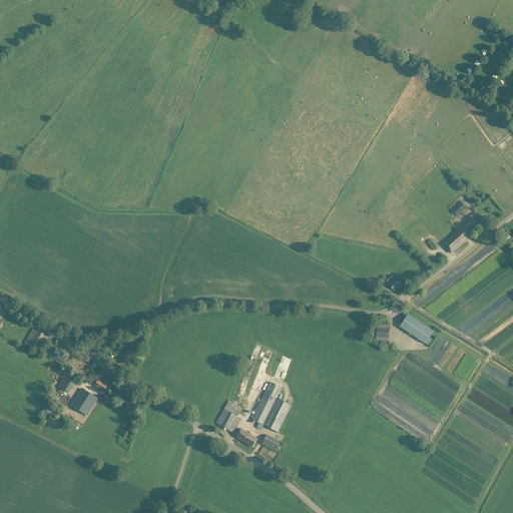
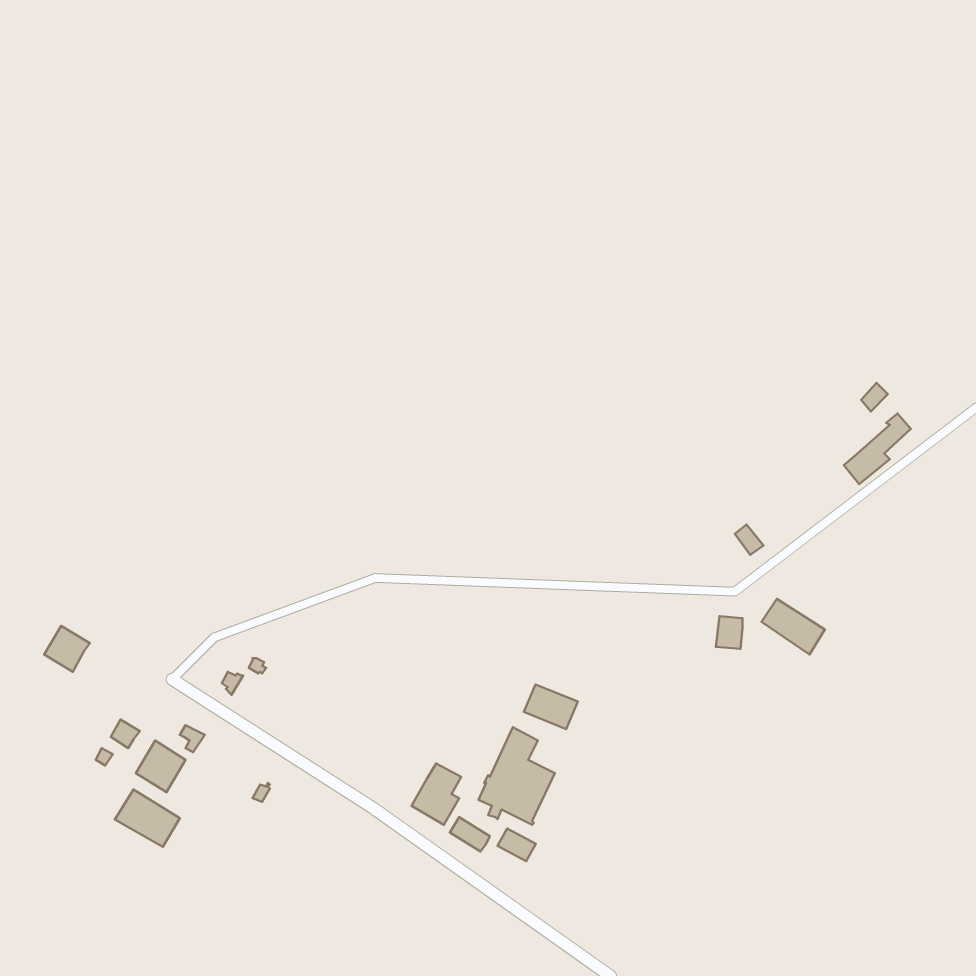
building: none -> [524,684,578,729]
building: none -> [115,790,180,847]

